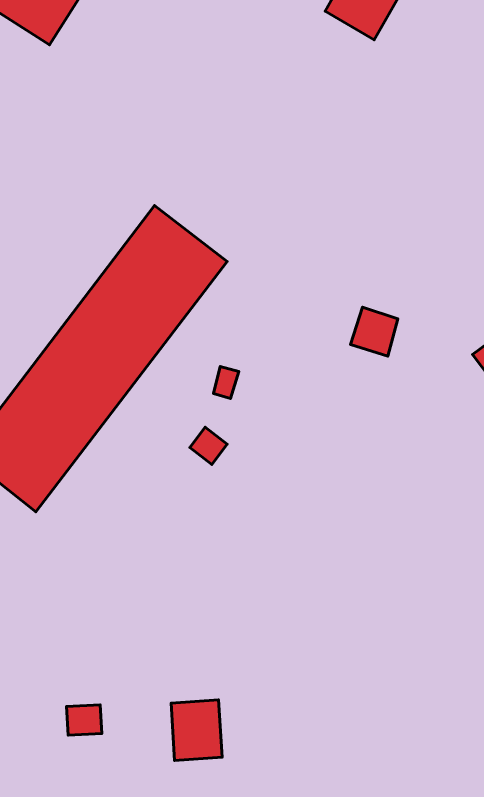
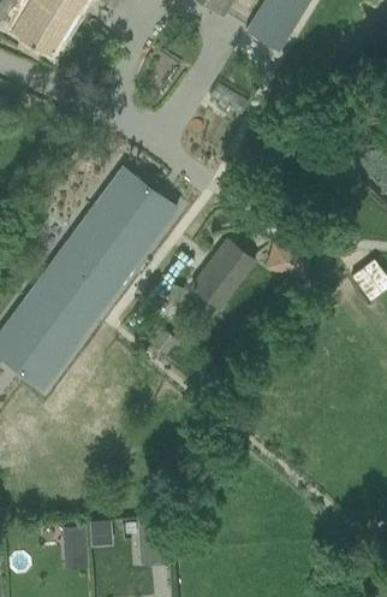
building: none -> [191,240,256,308]

